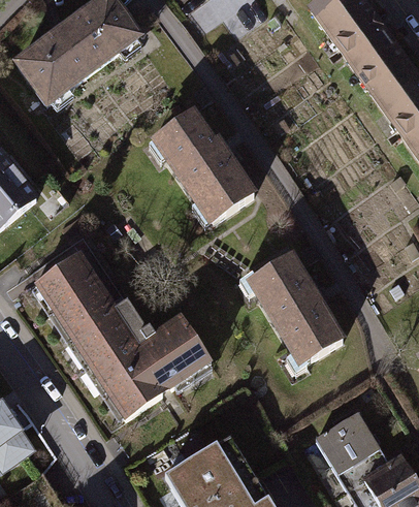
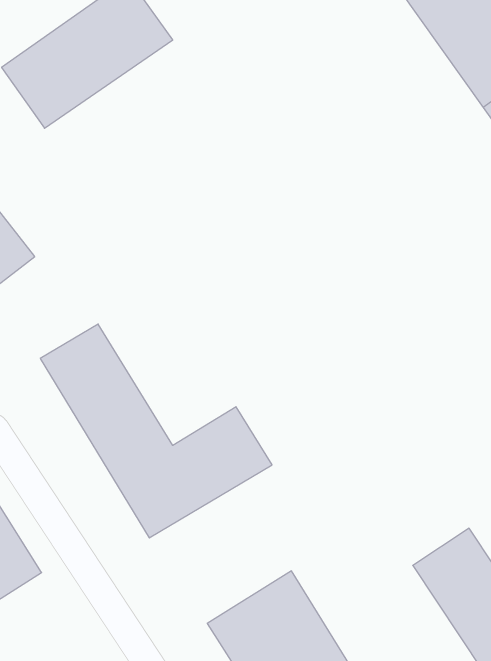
building: [147,112,247,223] -> none
building: [241,255,343,373] -> none

